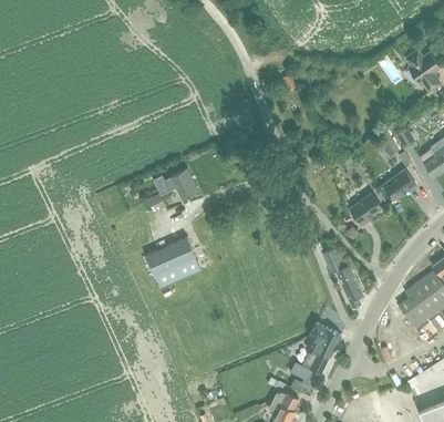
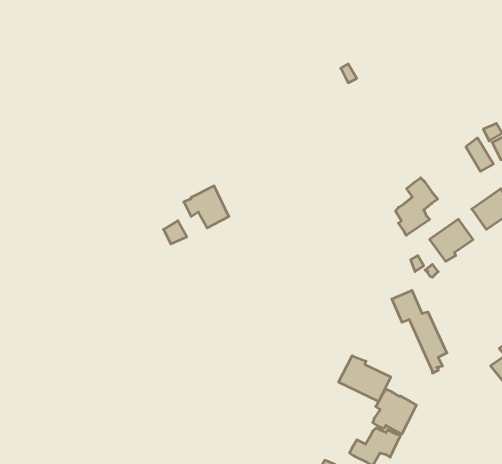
building: none -> [396,178,438,235]
building: [146,238,199,288] -> none
building: none -> [339,356,391,402]

